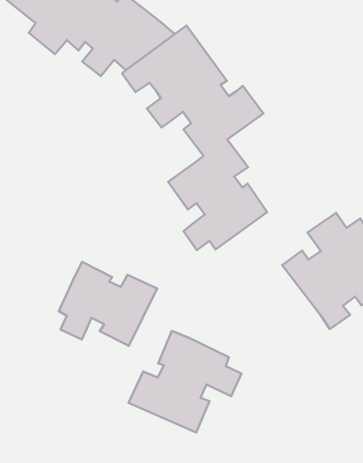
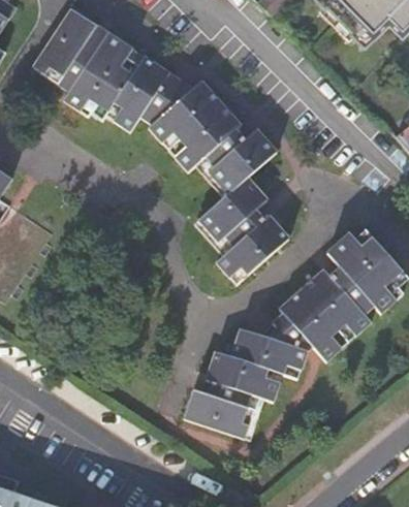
building: [59,262,157,346] -> none
building: none -> [232,283,353,377]

